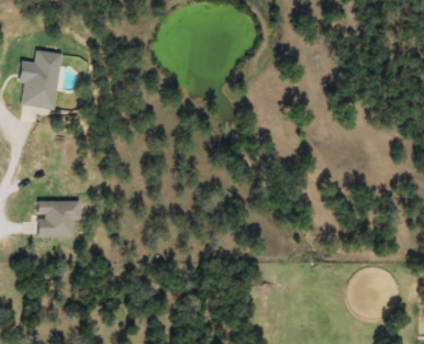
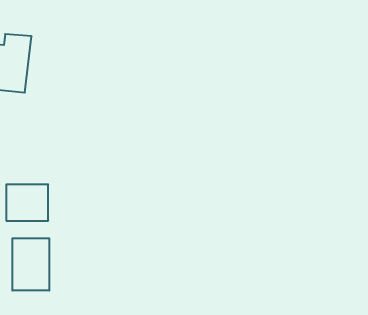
building: none -> [12,238,49,291]

